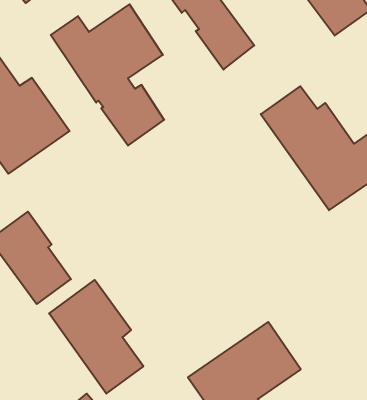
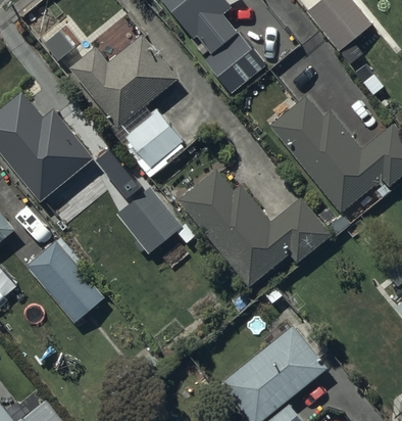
building: none -> [182,173,336,292]
building: none -> [115,186,182,254]
building: [49,280,143,394] -> none

